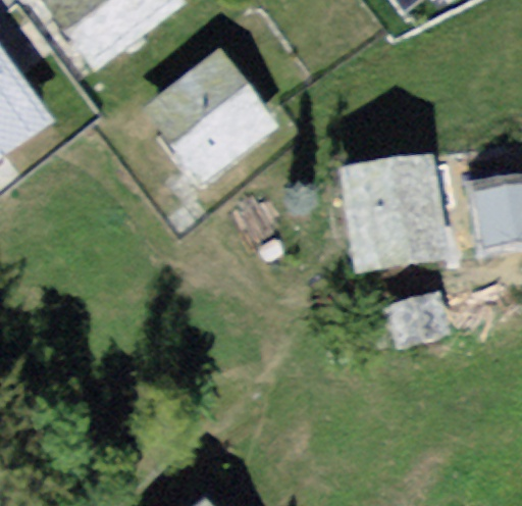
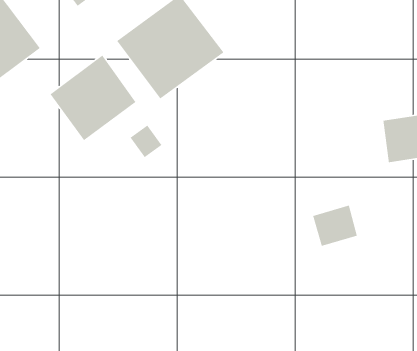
building: none -> [49,54,137,141]
building: [343,165,441,273] -> none

